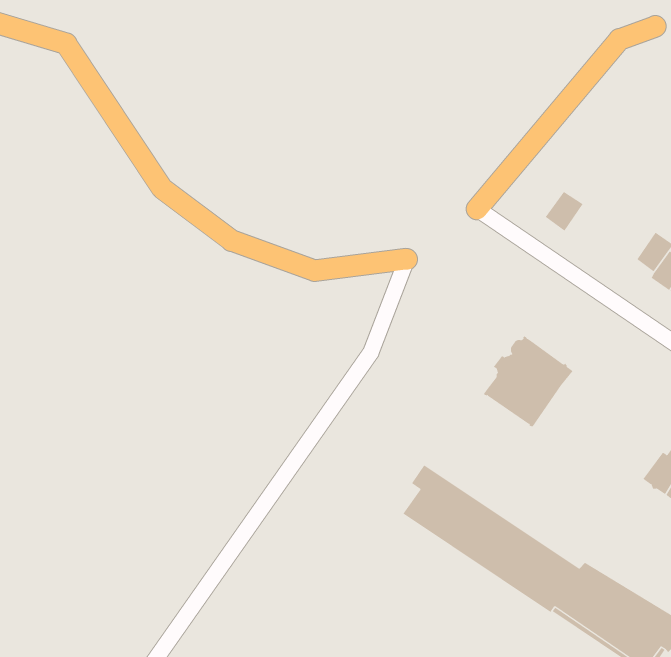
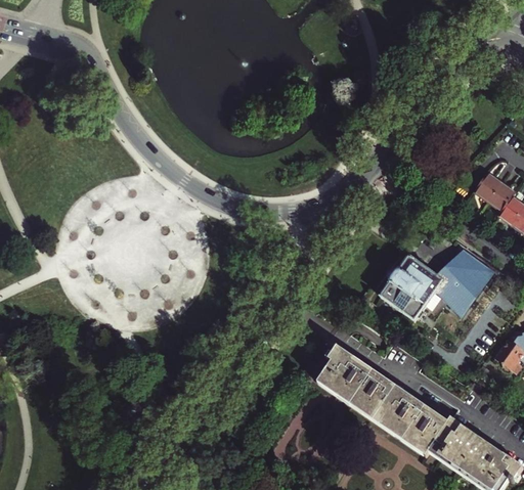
building: [545,191,583,231] -> [474,173,501,202]
building: none -> [435,252,495,312]

